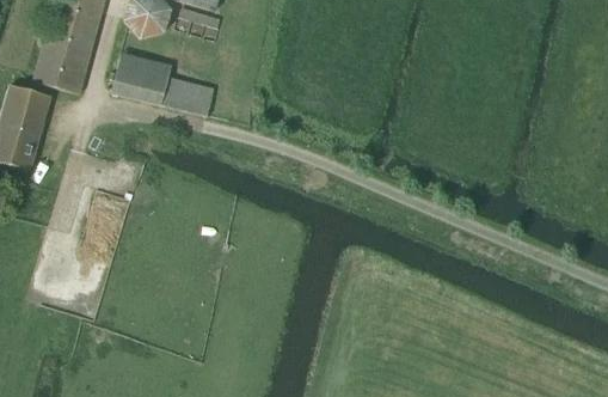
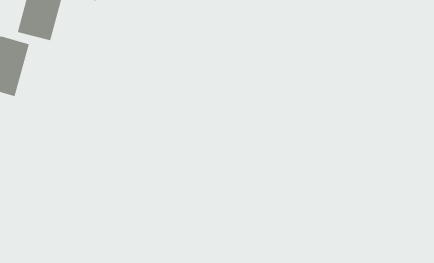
building: [111,56,215,116] -> none

